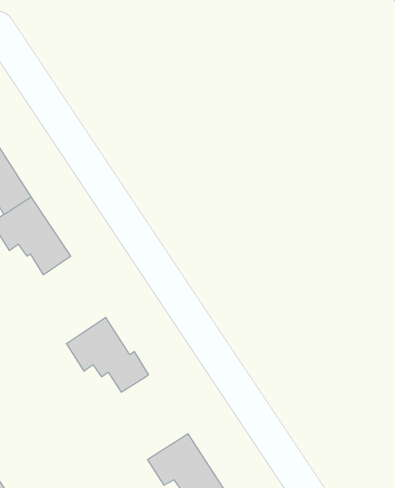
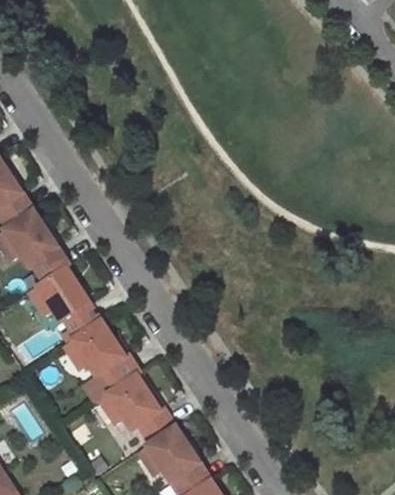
building: none -> [28,265,99,335]
building: none -> [98,373,174,441]

